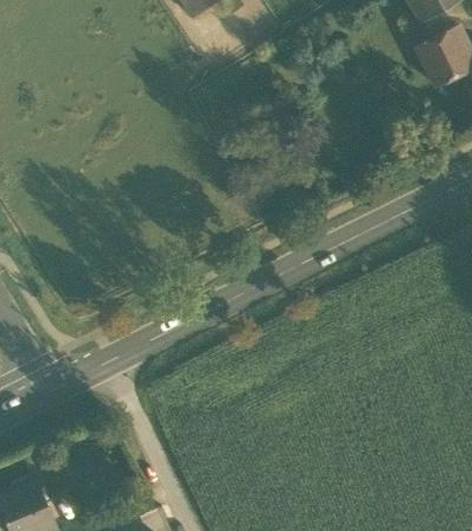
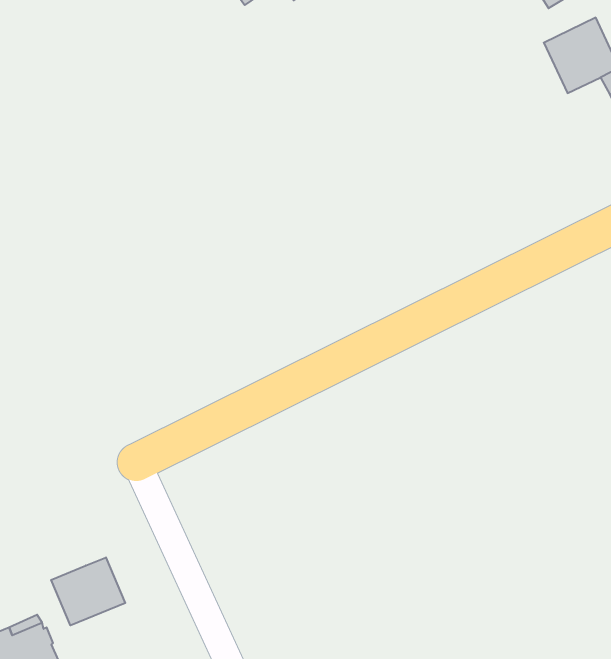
building: none -> [51,557,125,625]

